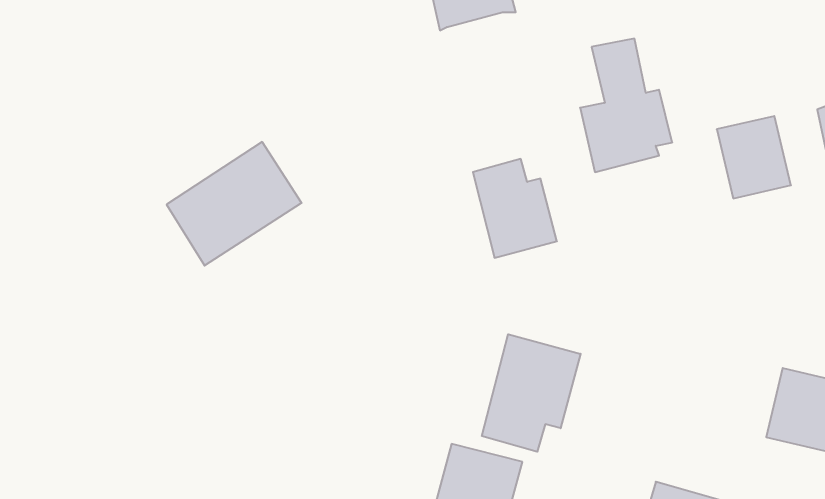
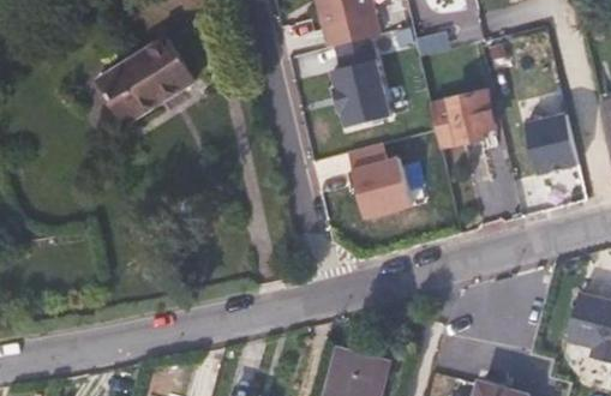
building: none -> [330,35,391,124]
building: [167,142,302,266] -> [96,37,194,127]
building: [482,334,581,452] -> none

